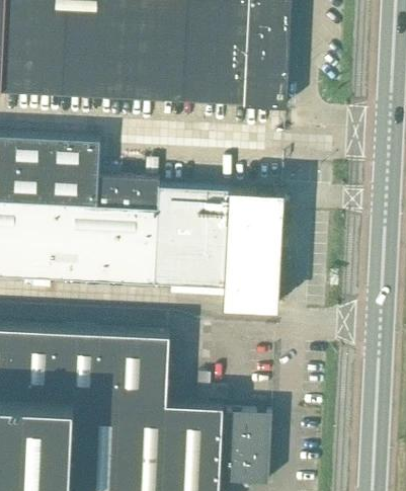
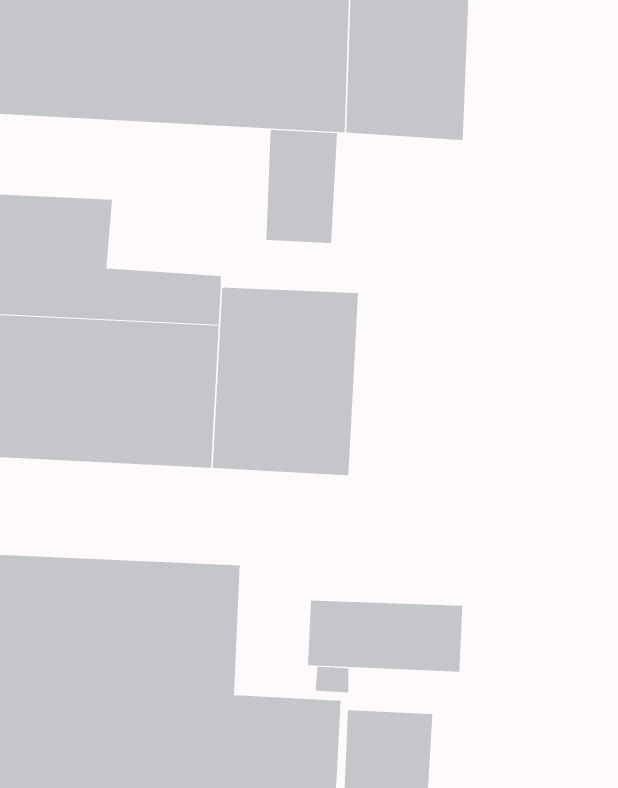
building: none -> [266,129,338,244]
building: [225,190,281,309] -> none
building: none -> [308,600,463,673]

